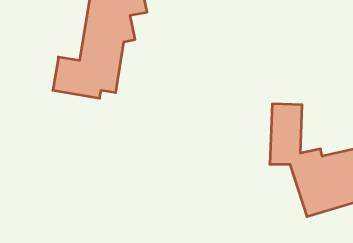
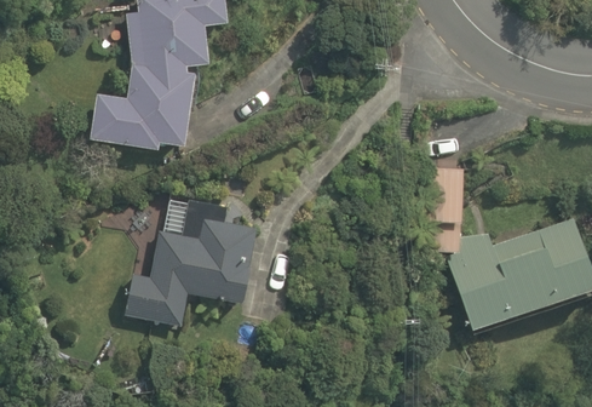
building: none -> [127,194,263,333]

